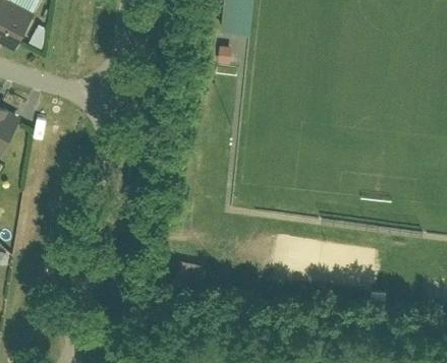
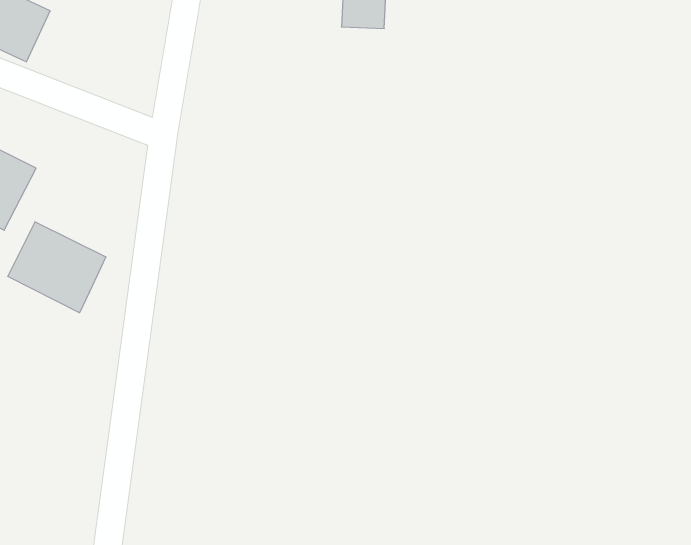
building: none -> [8,222,106,313]

